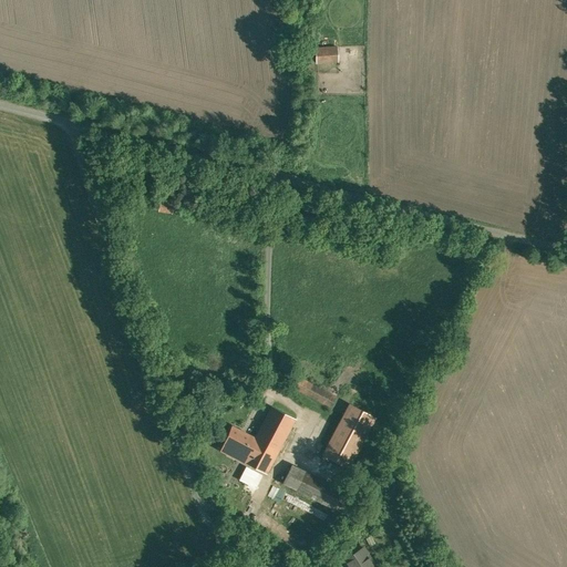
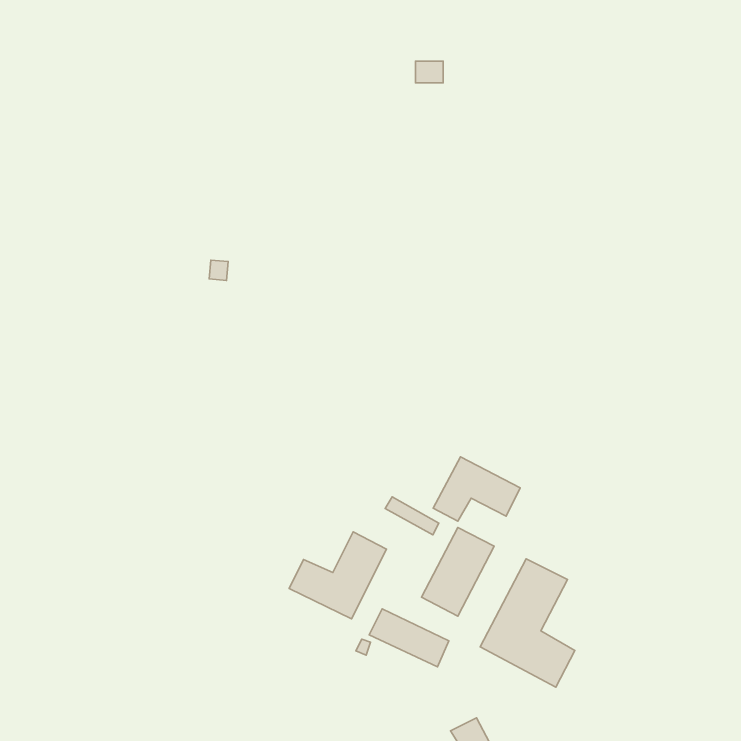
building: none -> [433,457,520,521]
building: none -> [480,559,575,687]

